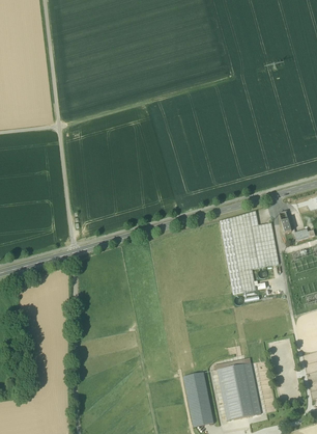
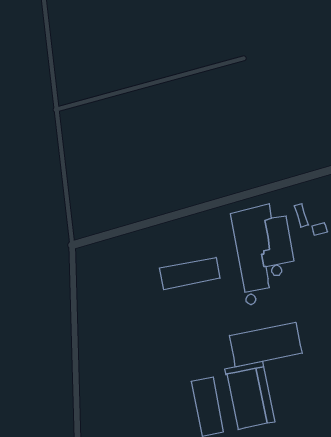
building: none -> [160,257,220,290]
building: none -> [230,322,302,367]

